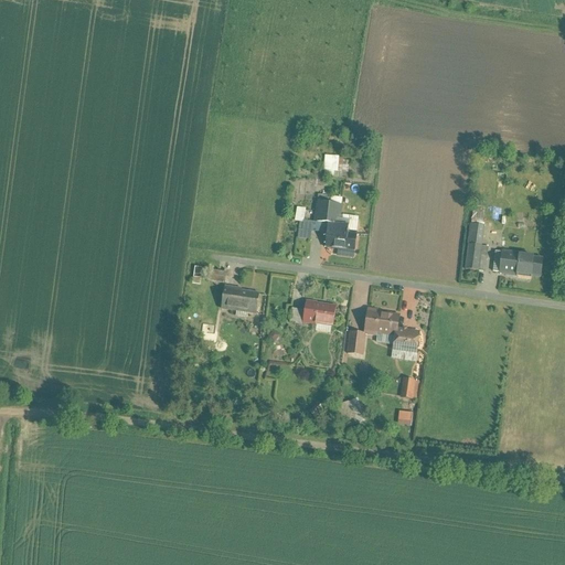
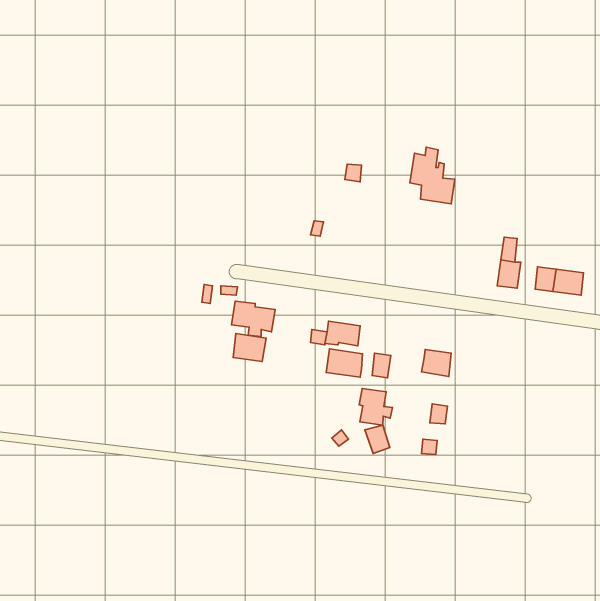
building: [310,193,352,246] -> [410,147,455,204]
building: [364,308,398,334] -> [326,349,363,377]
building: none -> [233,334,266,362]
building: none -> [359,389,392,425]

